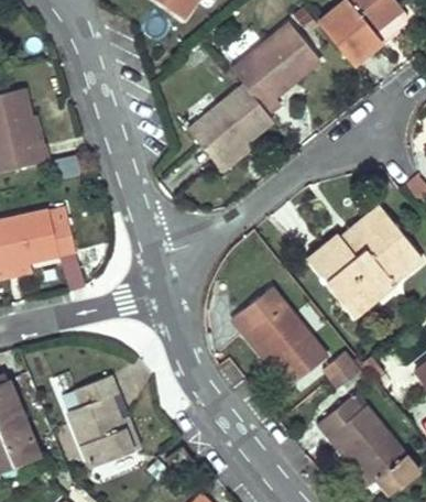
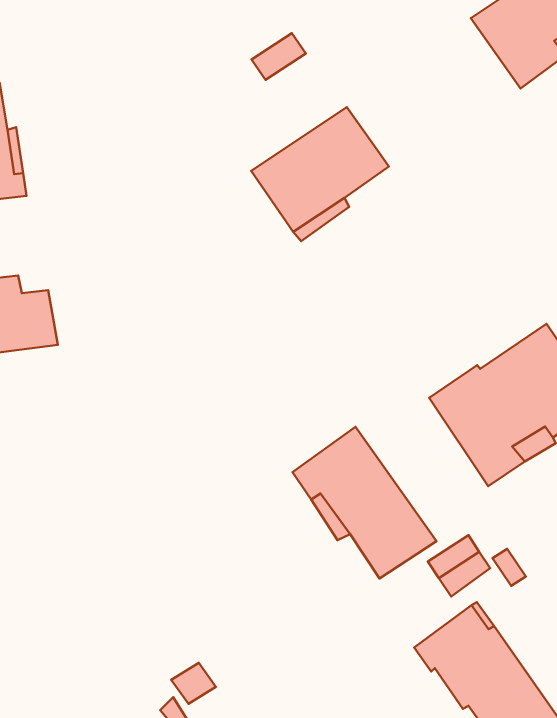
building: [223,23,321,114] -> none
building: [68,375,141,466] -> none

